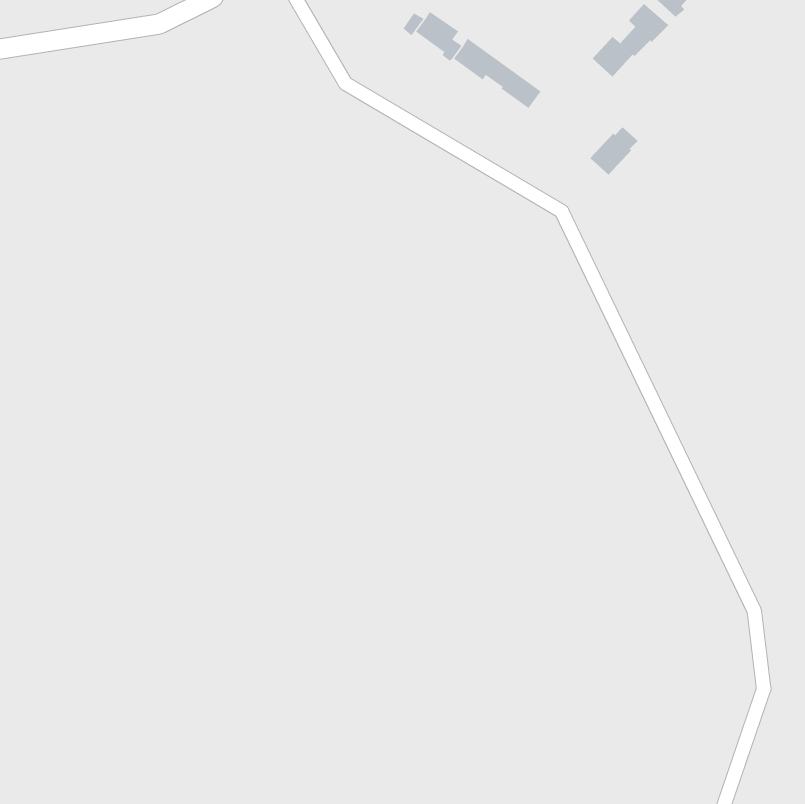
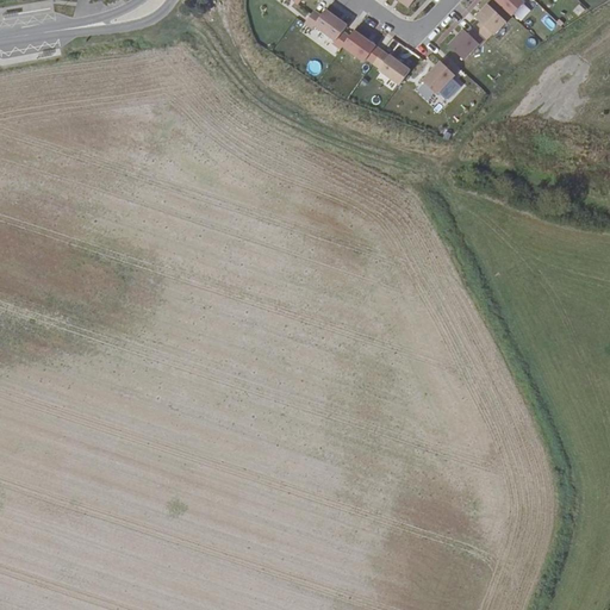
building: [589,127,638,176] -> [423,55,460,92]

